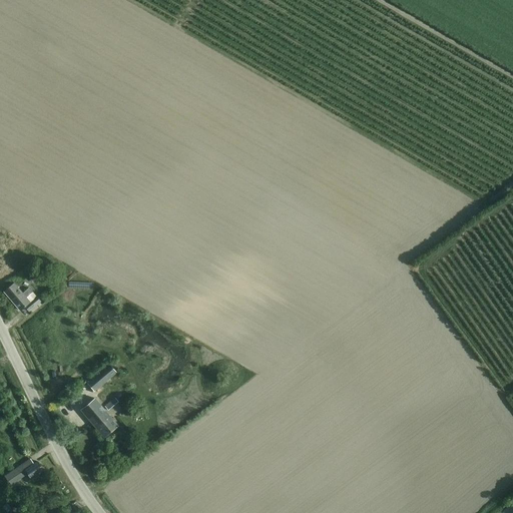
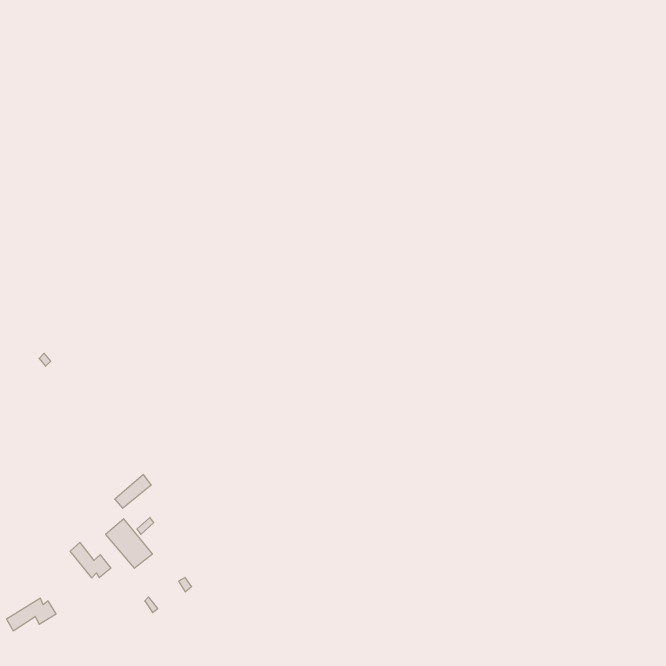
building: [4,284,40,313] -> none
building: none -> [70,543,111,578]

